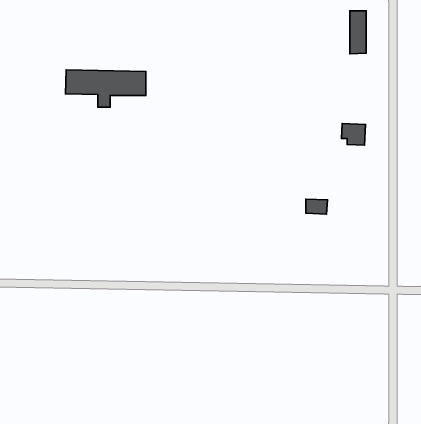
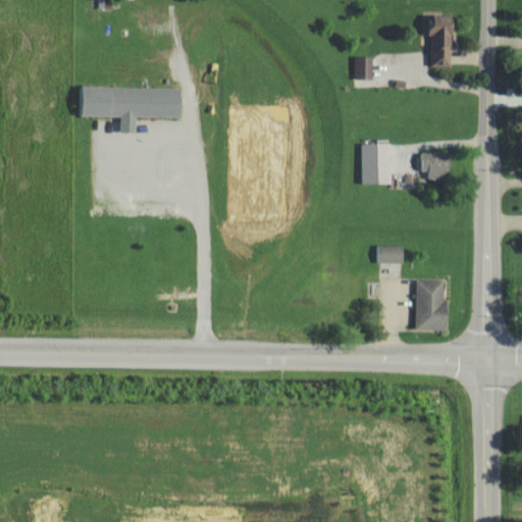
building: none -> [354,56,372,80]
building: none -> [361,143,389,184]
building: none -> [415,279,448,329]

